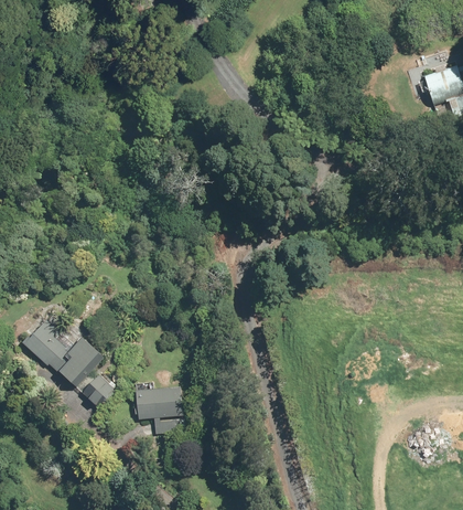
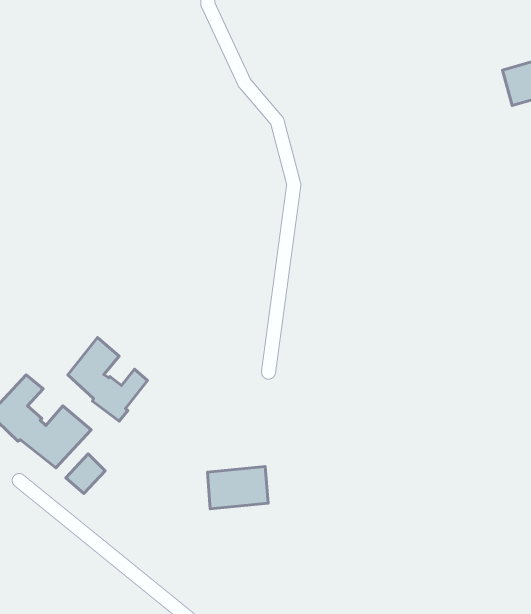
building: none -> [68,337,147,421]
building: [136,386,183,419] -> [207,467,268,509]

